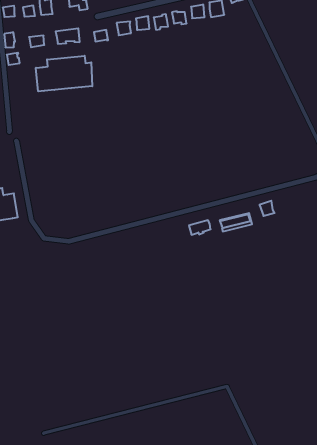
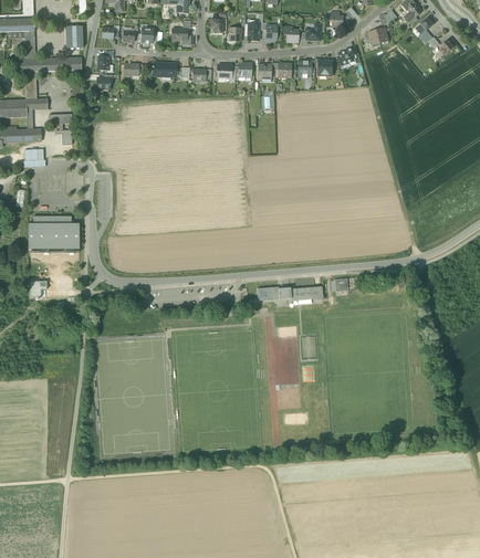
building: [36,56,92,91] -> none

